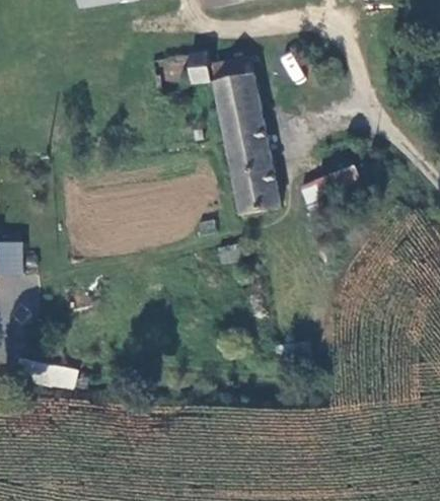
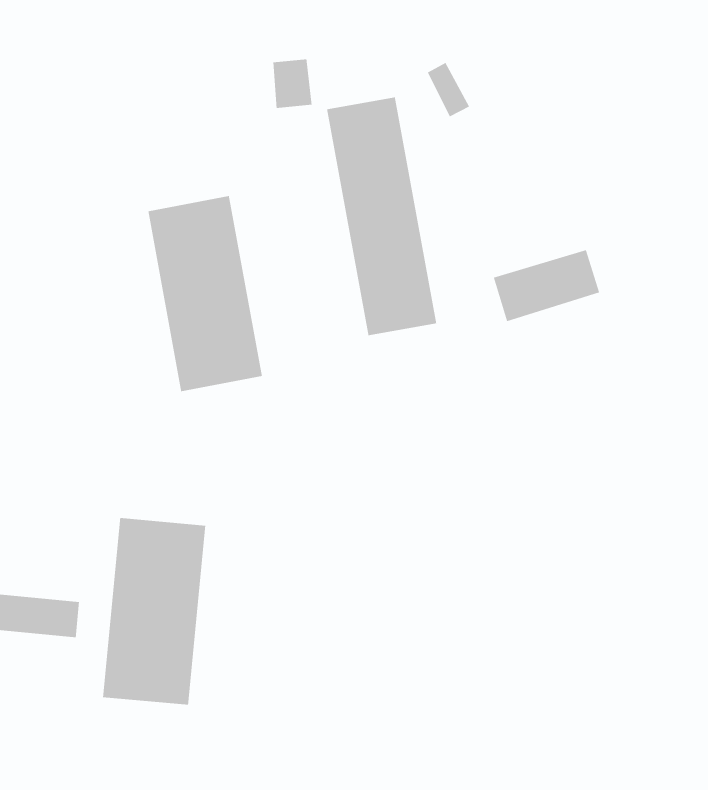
building: none -> [147,195,263,392]
building: none -> [102,517,206,706]

